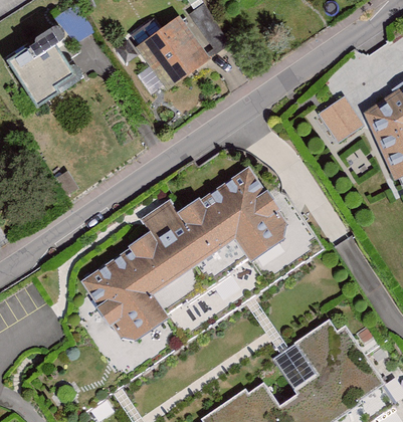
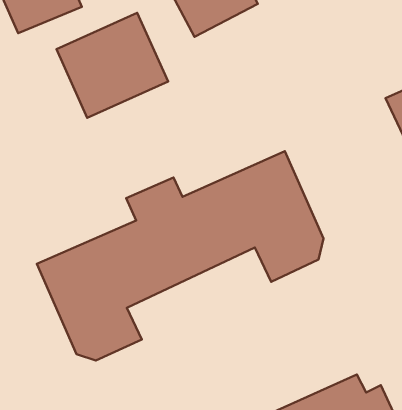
building: none -> [56,13,168,118]

